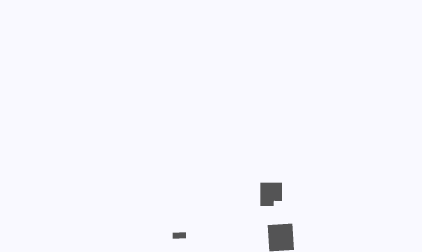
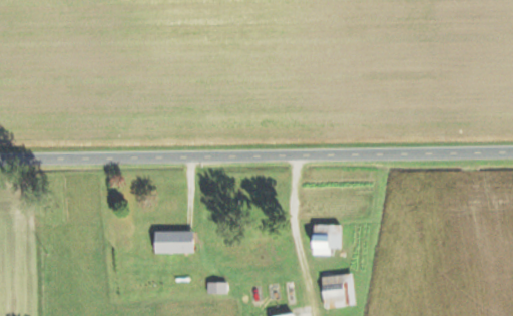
building: none -> [153,230,192,252]

